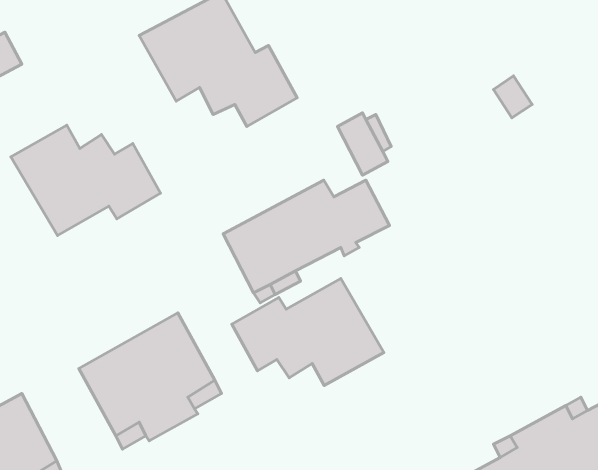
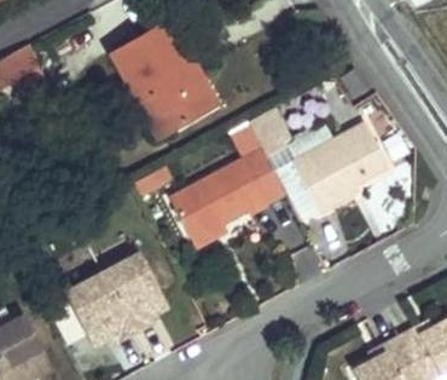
building: [11,125,161,236] -> none
building: none -> [288,122,385,213]
building: [232,279,384,385] -> none

